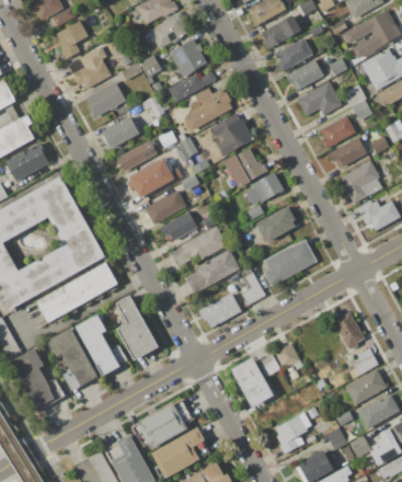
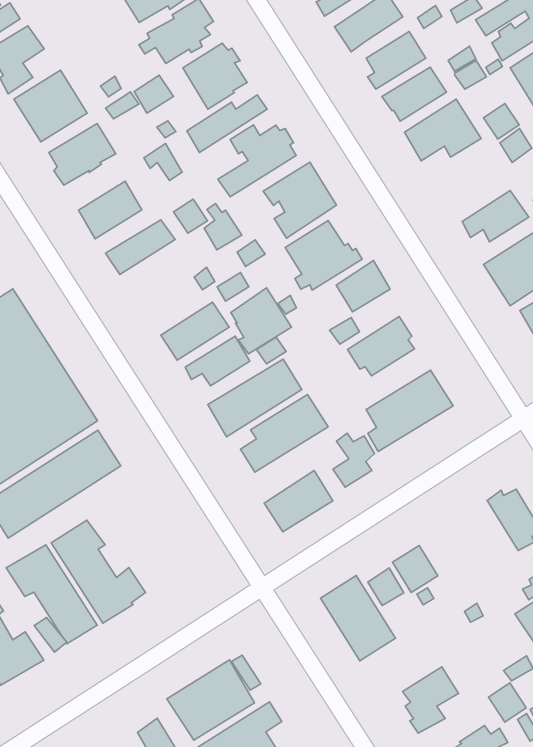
building: [319,115,355,149] -> none
building: [135,161,170,199] -> [231,288,291,354]
building: [116,295,159,359] -> none

